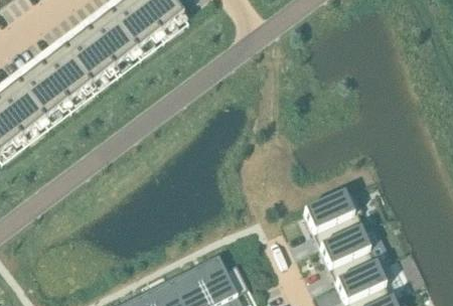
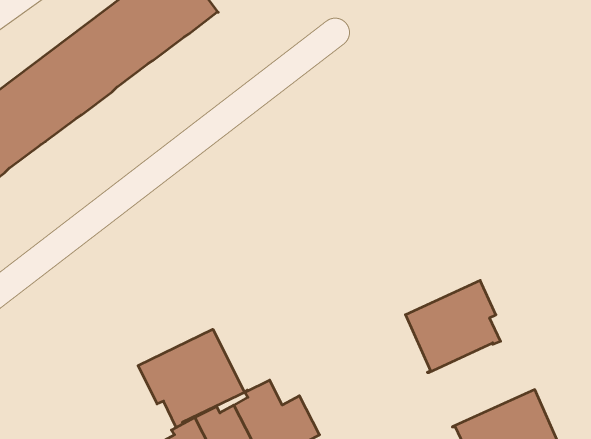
building: none -> [138,329,247,427]
building: [318,225,390,285] -> none

